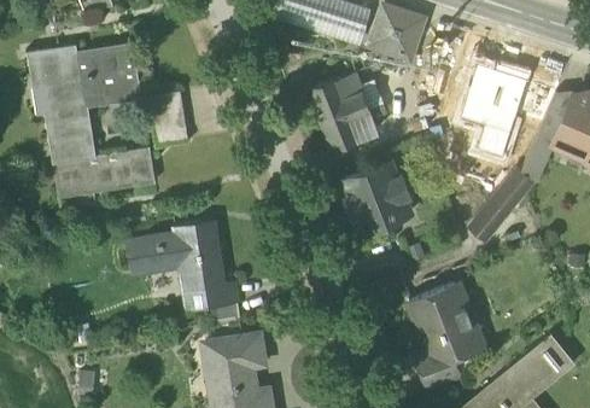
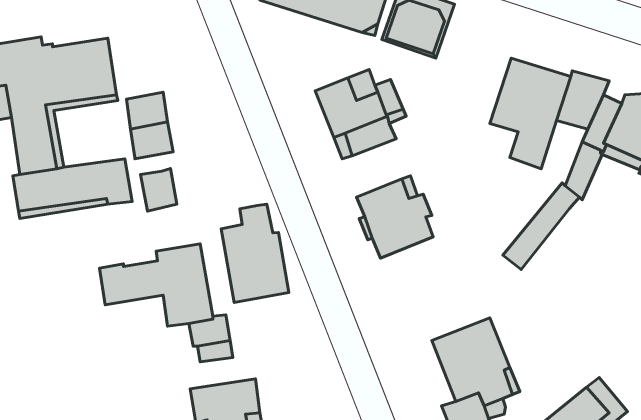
building: none -> [140,168,177,211]
building: none -> [221,204,289,303]

